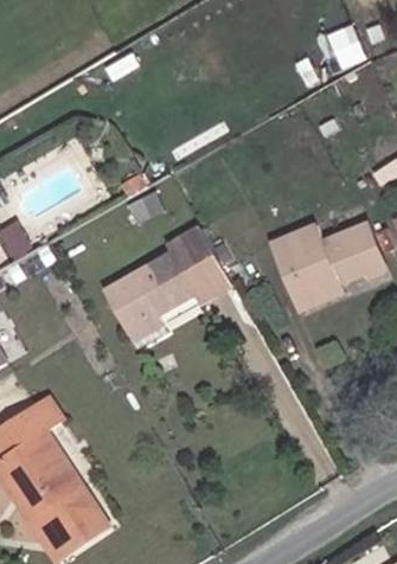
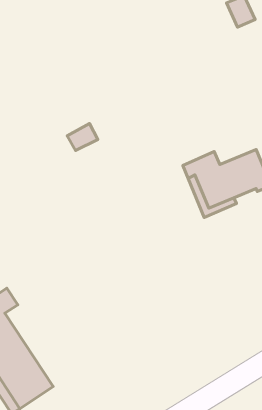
building: [102,226,231,347] -> none

